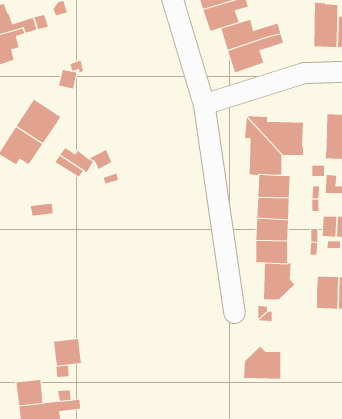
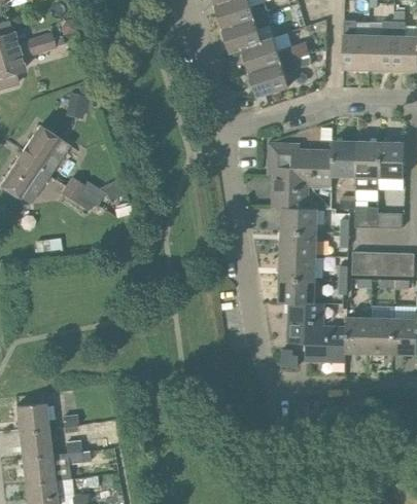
building: none -> [332,140,357,176]
building: [53,339,82,366] -> [16,402,47,432]
building: [243,346,281,379] -> [305,326,346,362]

